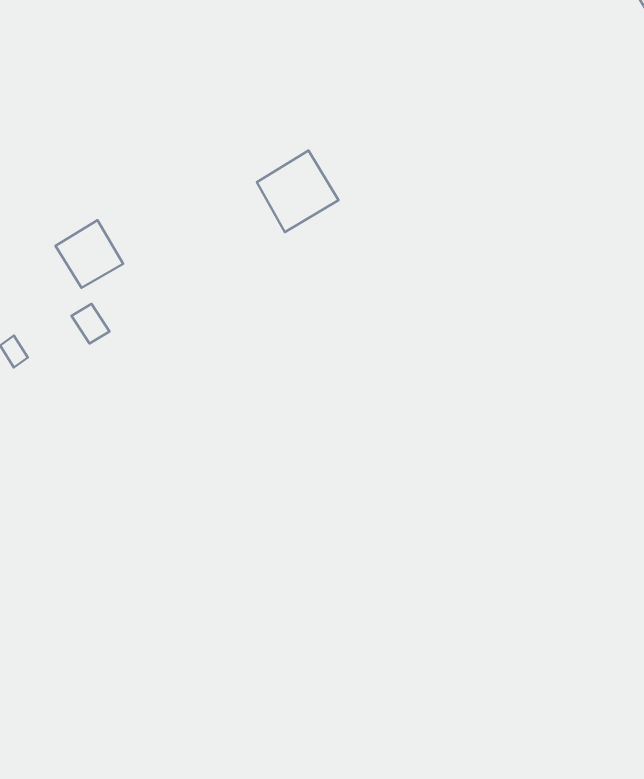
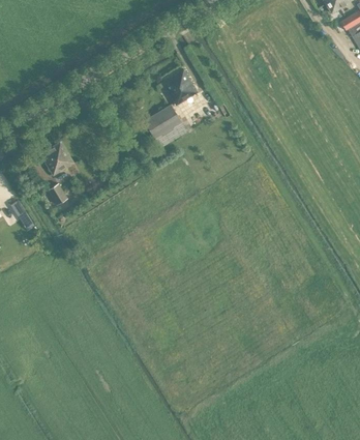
building: none -> [161,68,198,105]

